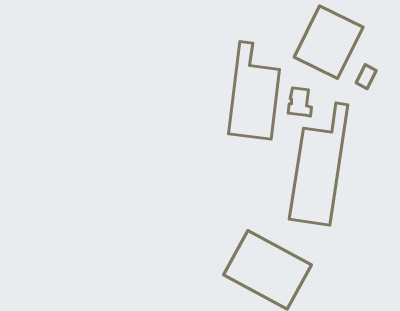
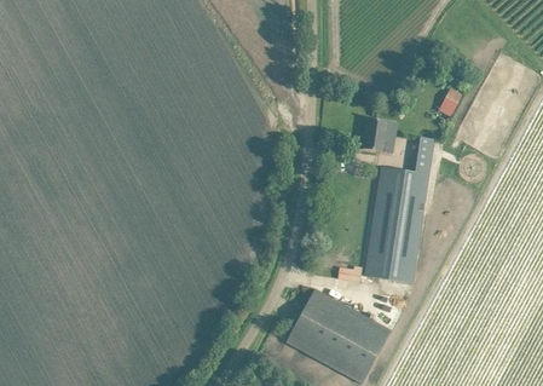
building: [294,6,363,79] -> none
building: [228,42,279,139] -> none

